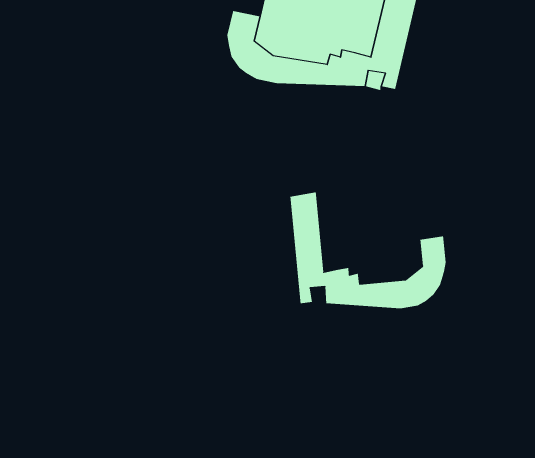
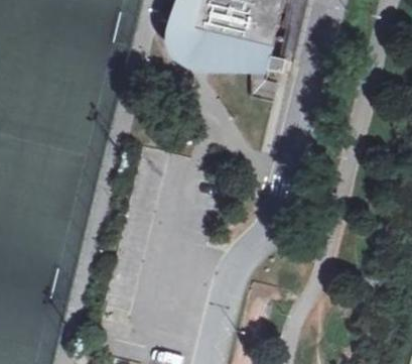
building: [290,191,446,309] -> none

